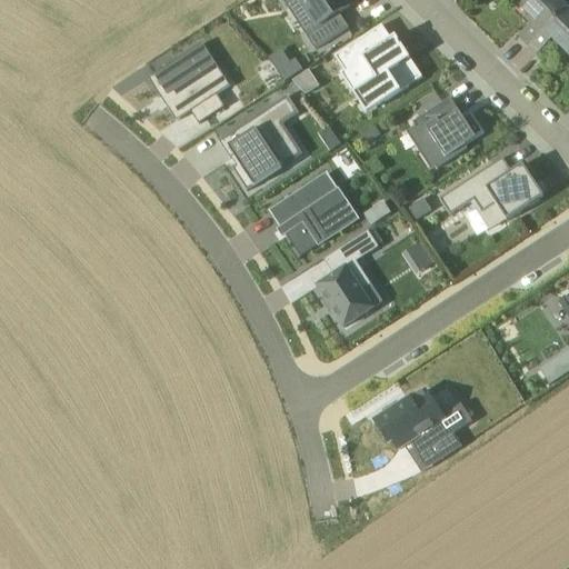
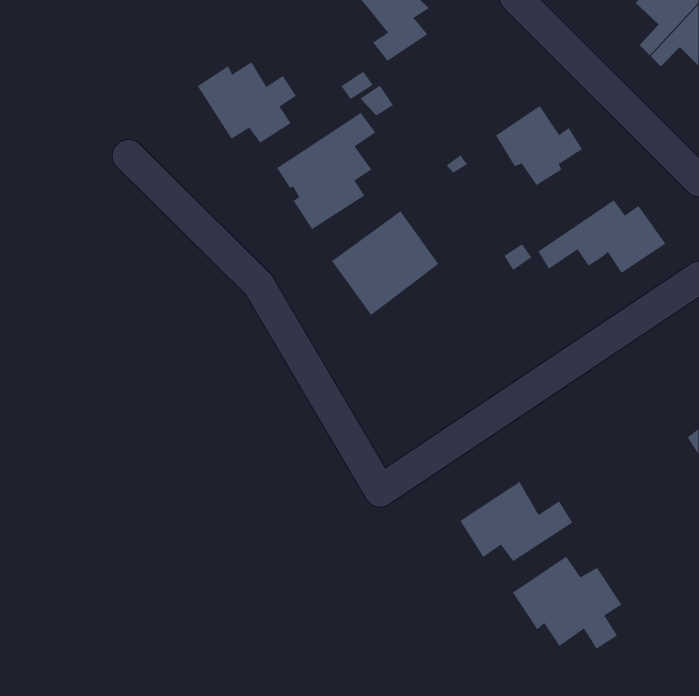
building: [337,26,431,96] -> none
building: [318,232,378,330] -> none
building: none -> [512,556,622,650]

